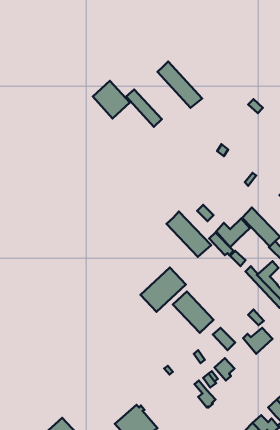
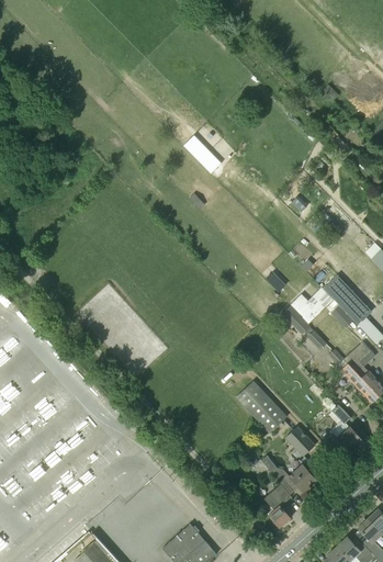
building: [157,61,202,108] -> none
building: [93,81,130,118] -> none
building: [166,211,211,257] -> none
building: [141,267,186,312] -> none

